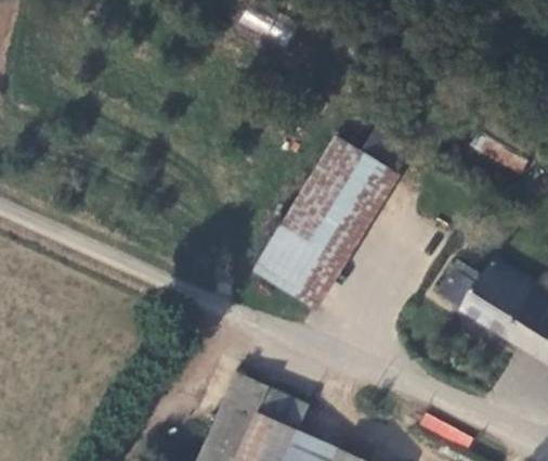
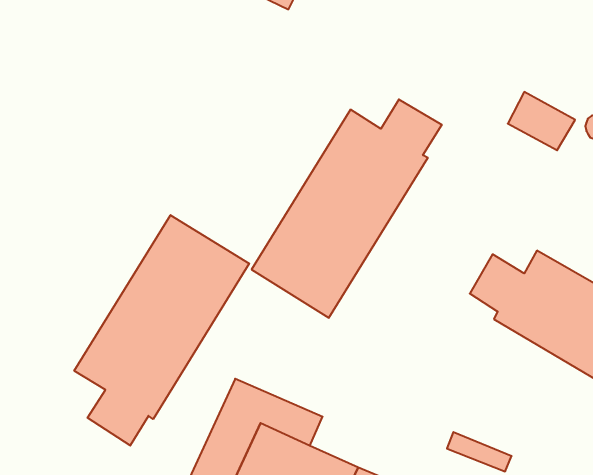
building: none -> [74,215,249,446]

